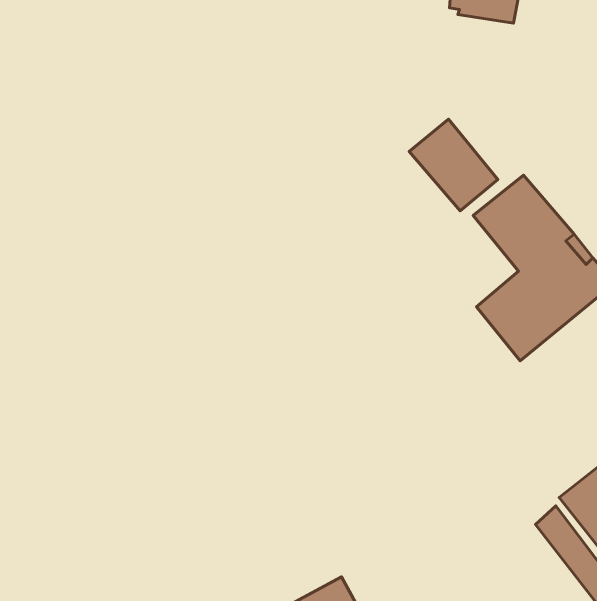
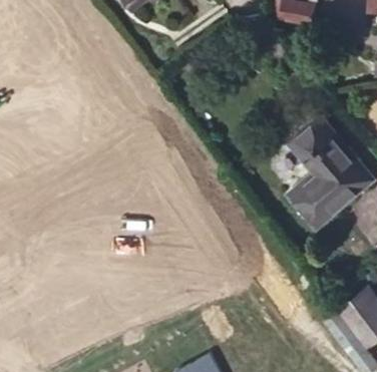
building: [409,119,498,211] -> none

